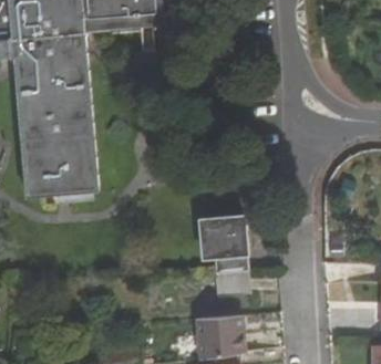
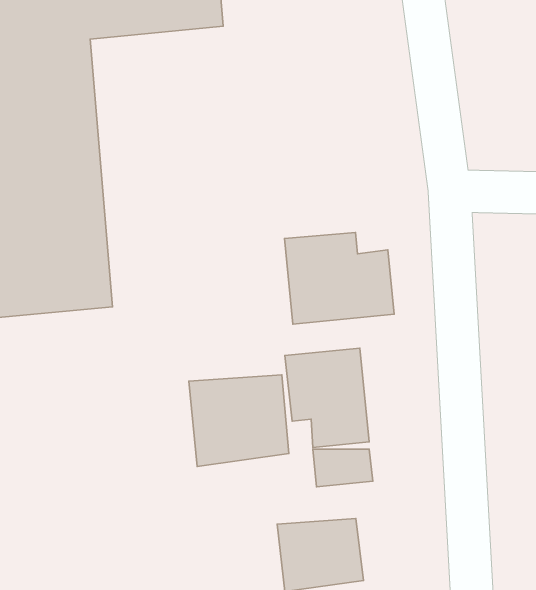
building: none -> [284,233,394,324]
building: none -> [189,375,289,466]

